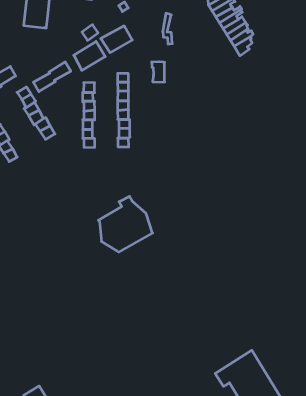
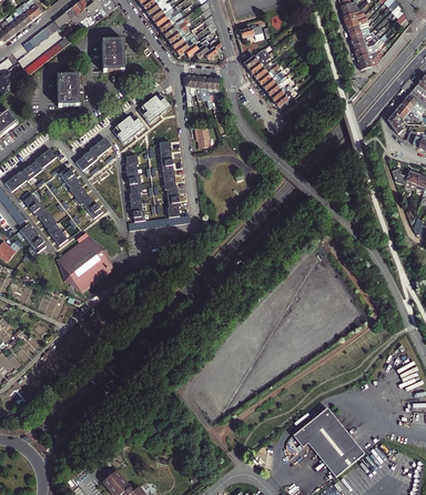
building: [98,196,153,252] -> [60,231,116,289]

